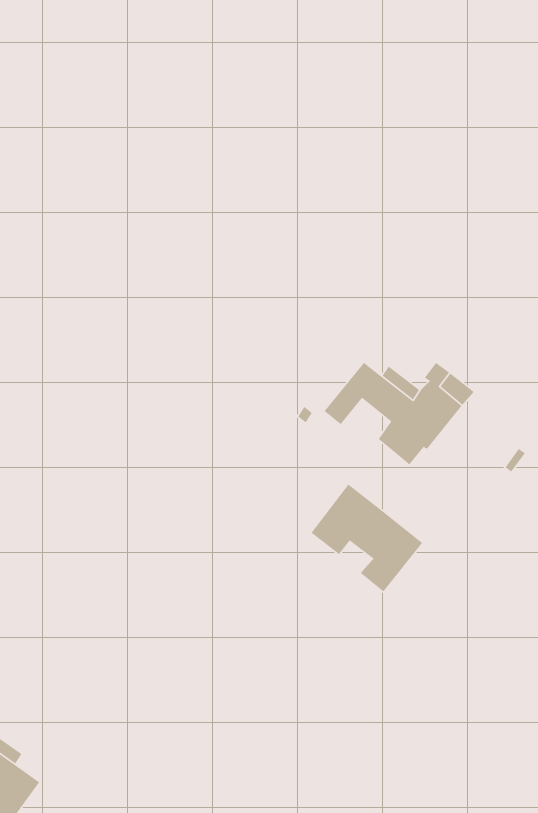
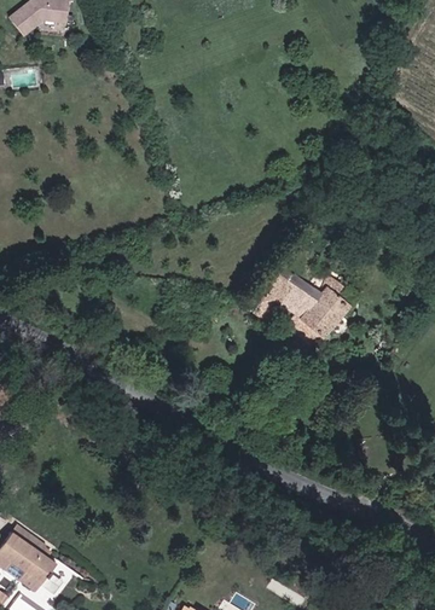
building: [310,484,423,592] -> none

